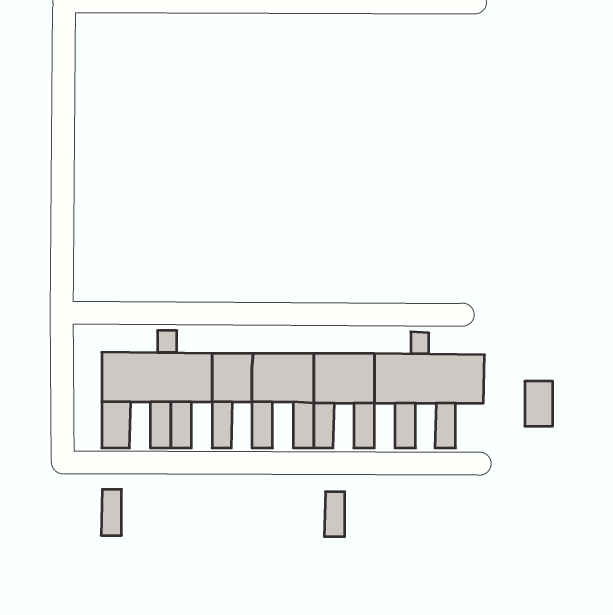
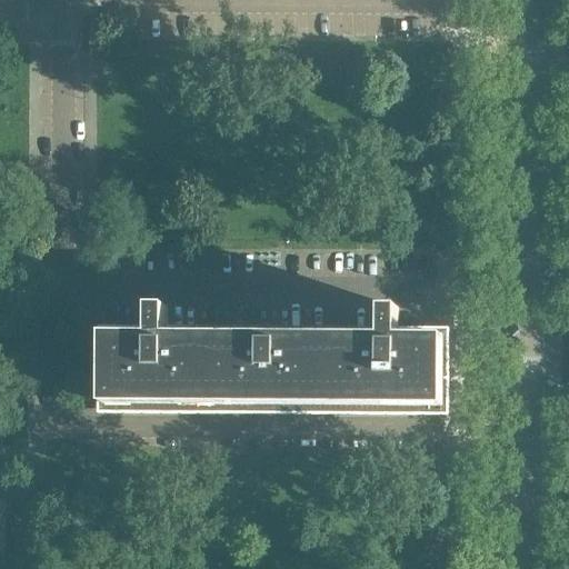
building: [525,381,553,426] -> [418,370,443,411]
building: none -> [176,369,194,411]
building: none -> [212,369,231,411]
building: none -> [250,369,269,411]
building: none -> [343,370,362,411]
building: none -> [381,370,400,411]
building: [101,489,122,535] -> [119,369,138,411]
building: [324,492,345,537] -> [306,370,325,411]

